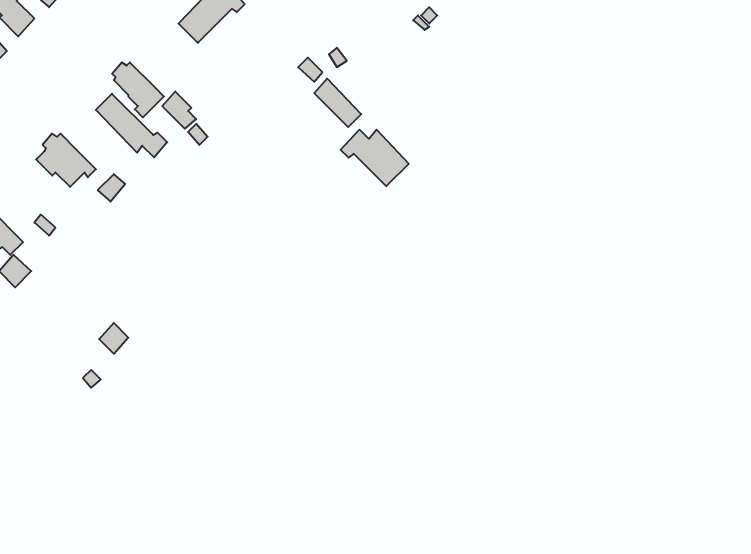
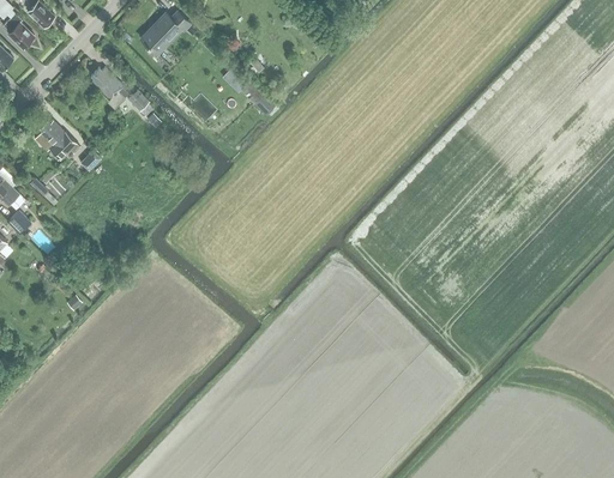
building: [96,94,167,157] -> none
building: [341,130,409,186] -> none

